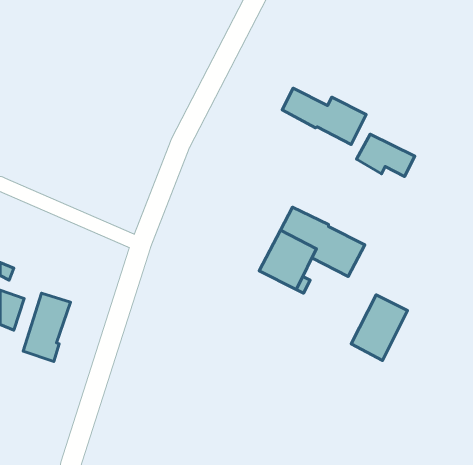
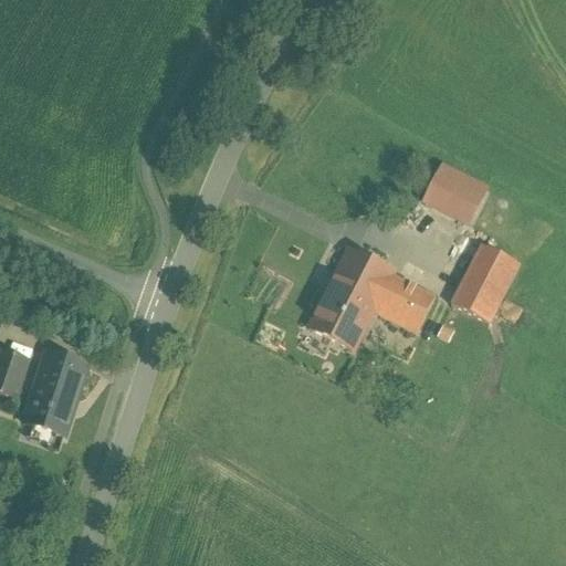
building: [282,88,366,145] -> none
building: [351,295,408,360] -> [451,242,518,321]

